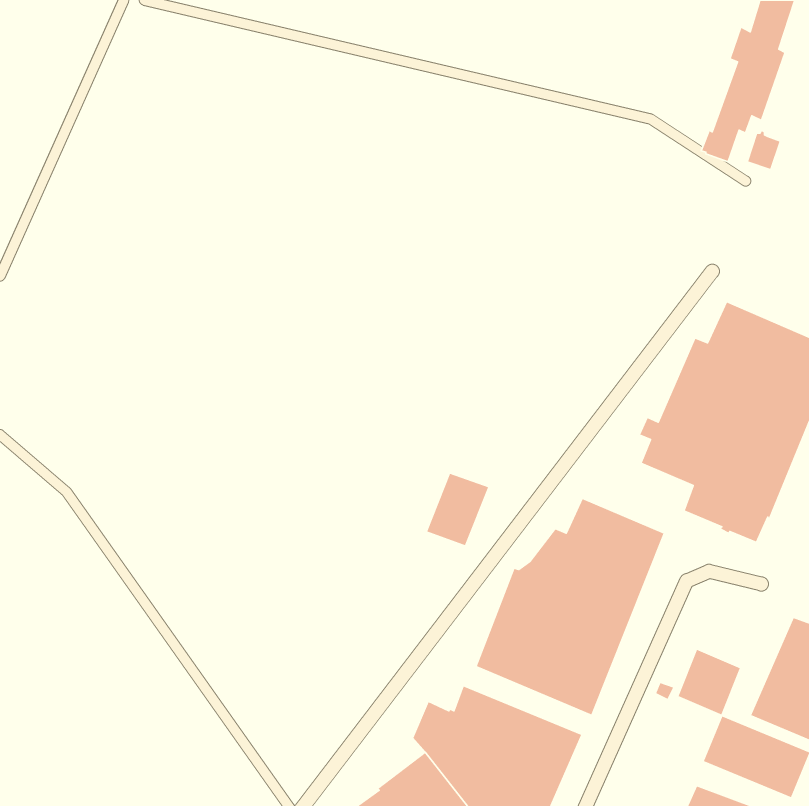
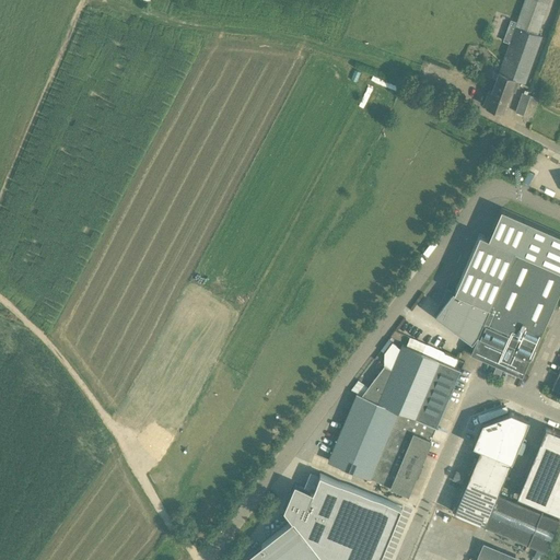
building: [426,473,489,546] -> none
building: none -> [474,415,530,464]
building: none -> [455,483,499,528]

